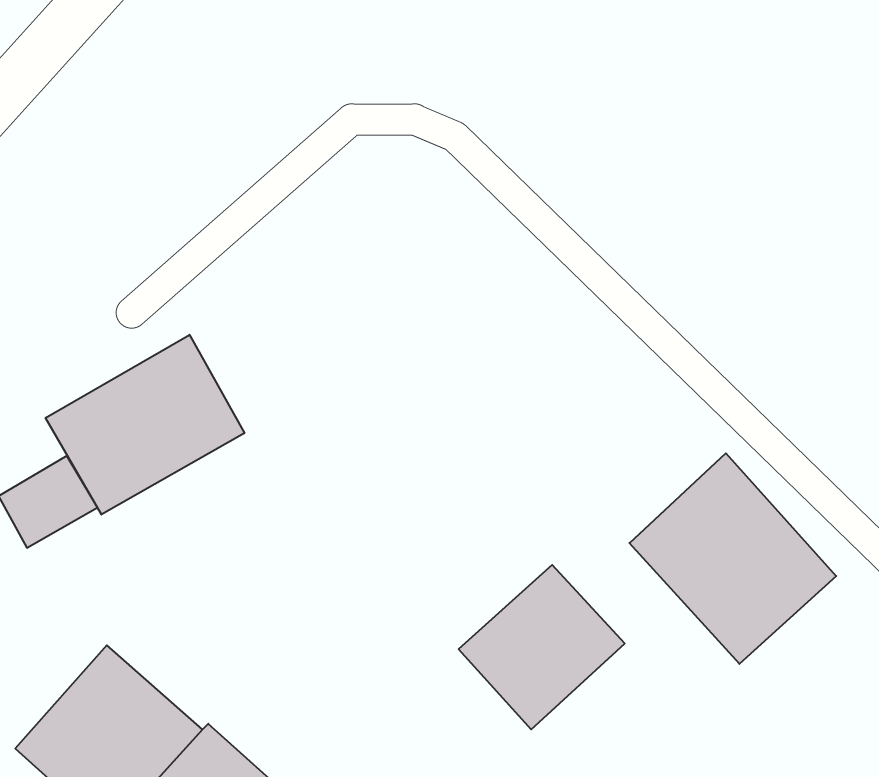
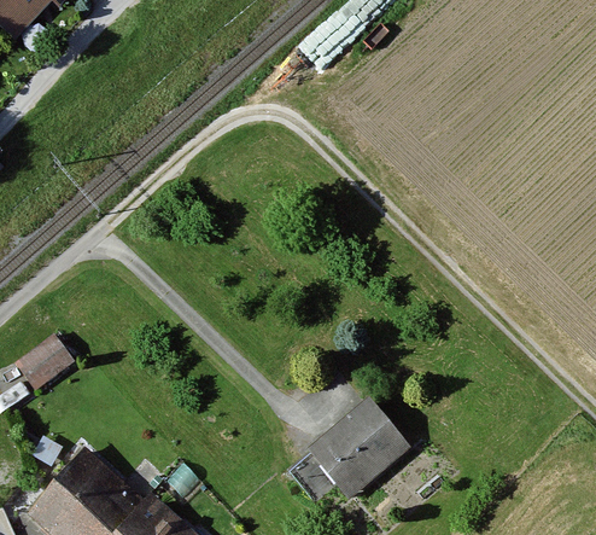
building: [46,335,244,515] -> none
building: [629,453,836,664] -> none

